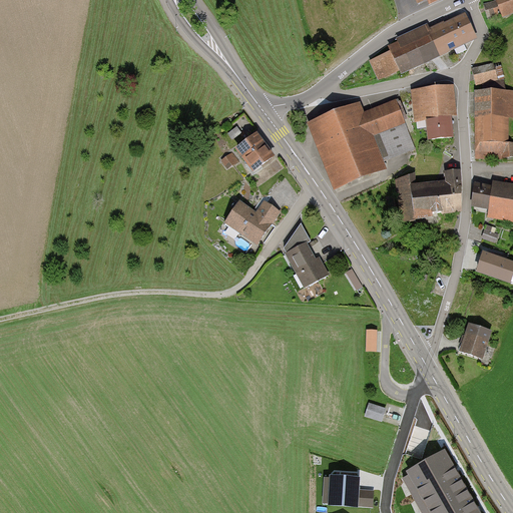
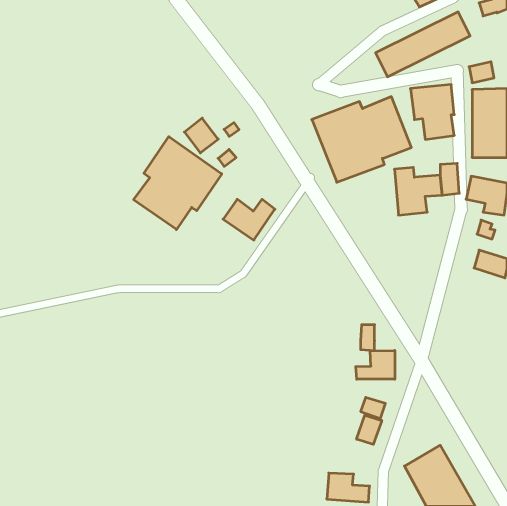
building: [236,133,271,168] -> [184,118,218,153]
building: none -> [134,137,222,230]
building: [429,195,462,213] -> none
building: [283,222,327,286] -> none
building: [462,322,494,357] -> none
building: none -> [356,350,395,379]
building: none -> [357,415,382,444]

